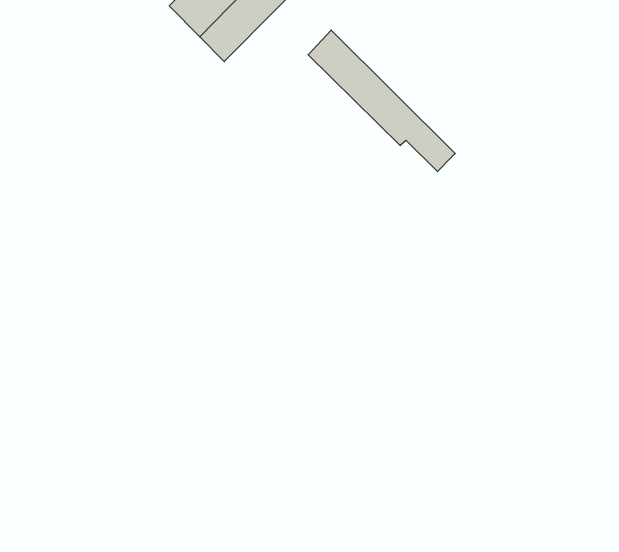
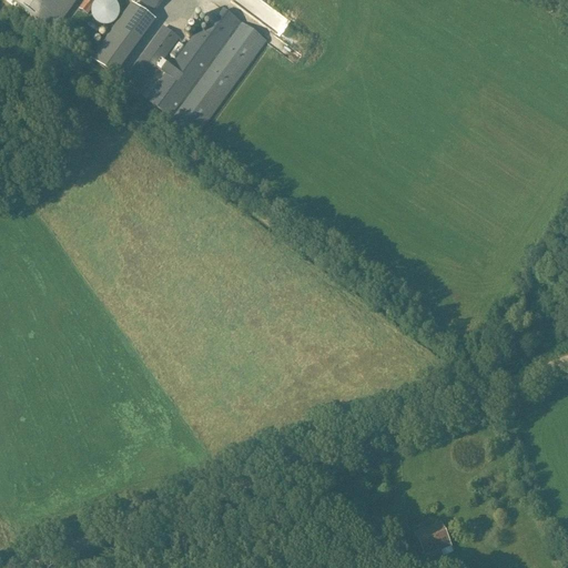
building: [308,30,455,172] -> none

